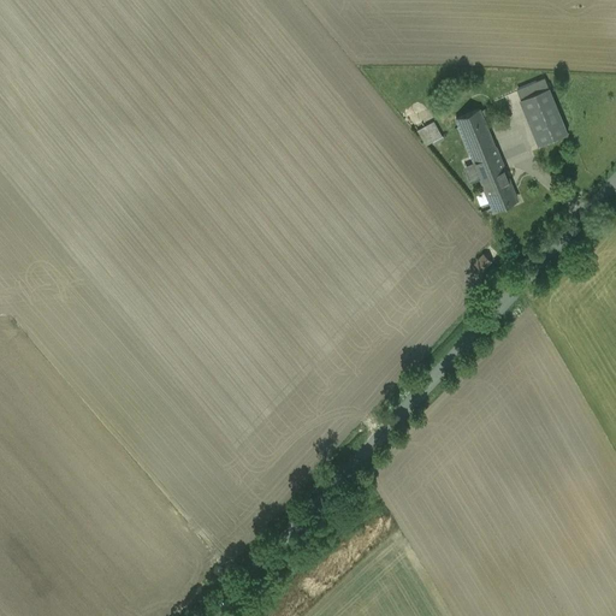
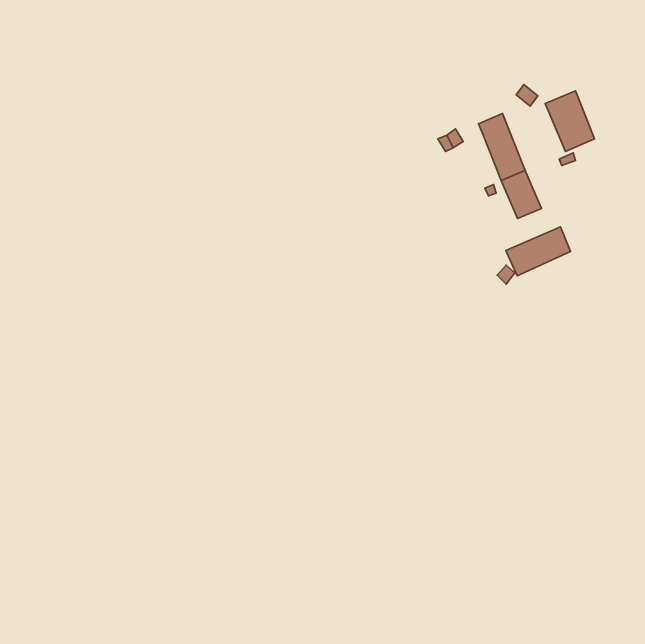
building: none -> [506,227,571,276]

